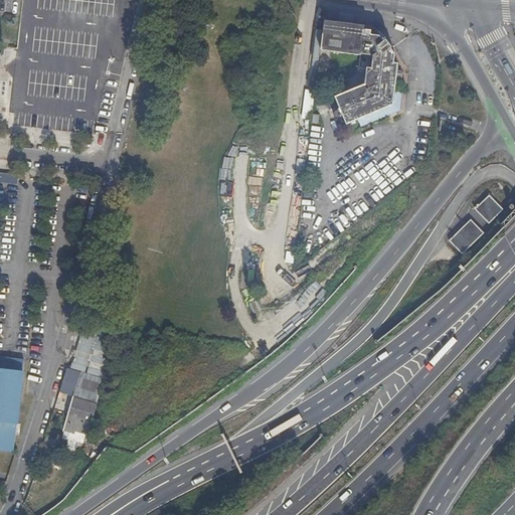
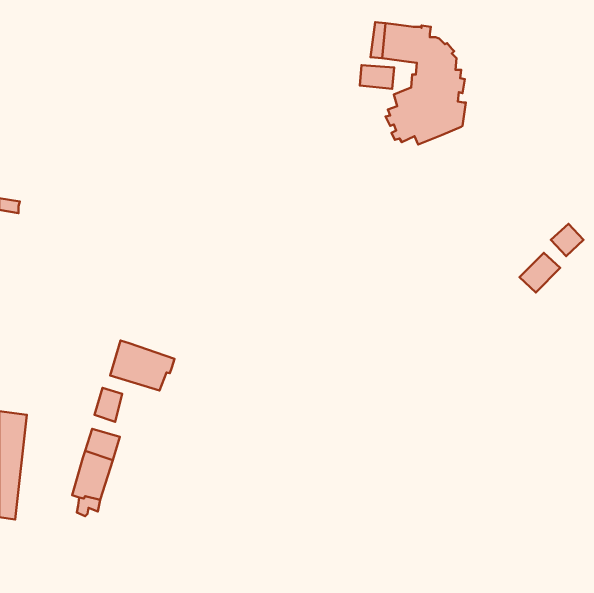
building: none -> [360,65,394,89]
building: none -> [110,341,174,390]
building: [58,366,79,395] -> none

